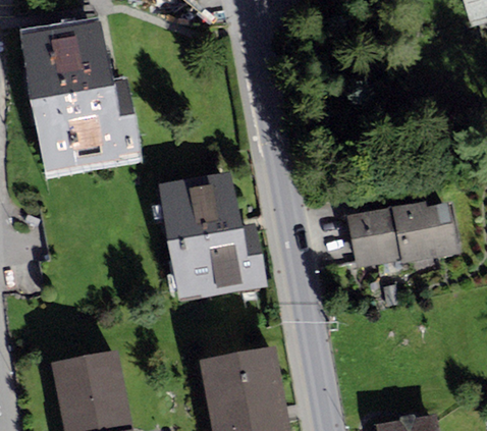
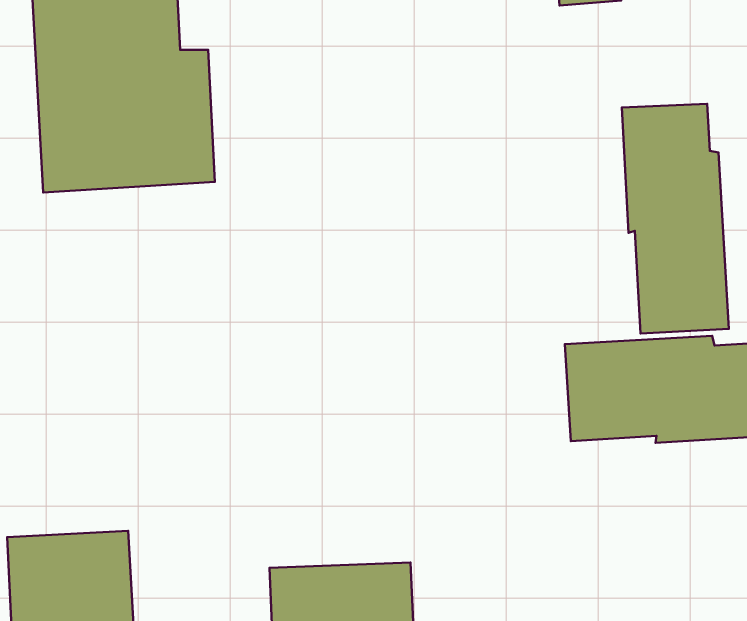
building: none -> [622,104,729,333]
building: [158,170,266,302] -> none

